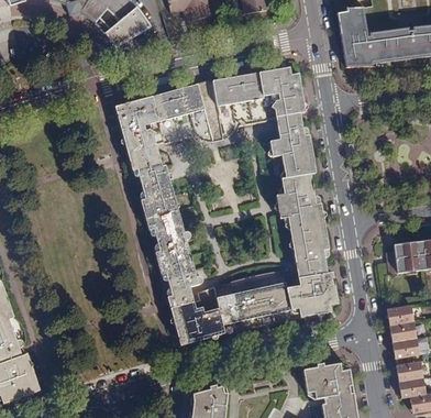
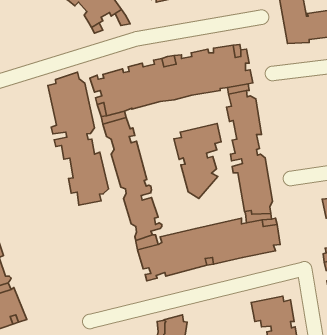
building: none -> [48,72,109,205]
building: none -> [174,124,221,199]

